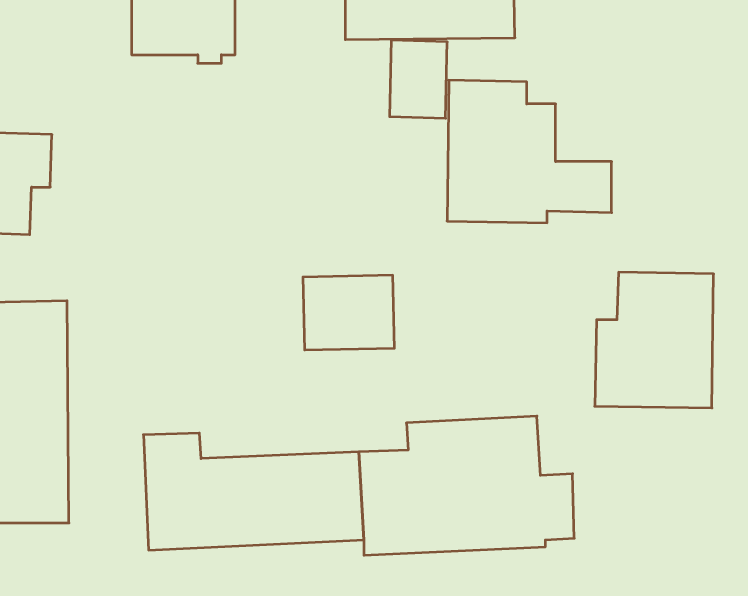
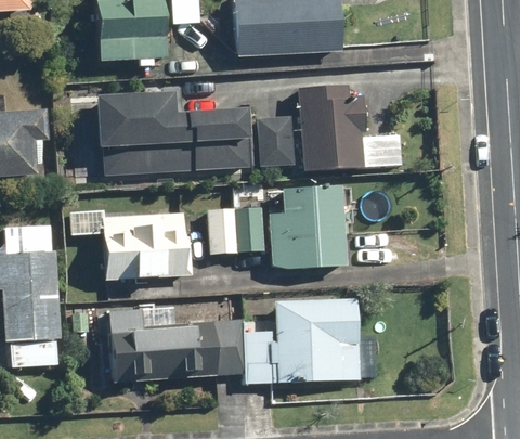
building: [390,40,447,118] -> [260,115,297,165]
building: none -> [79,86,246,176]
building: [595,272,714,408] -> [270,182,346,269]
building: none -> [70,208,193,277]

